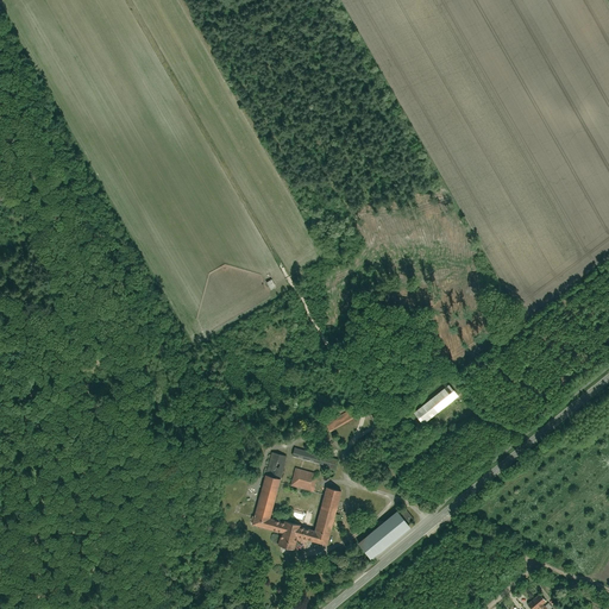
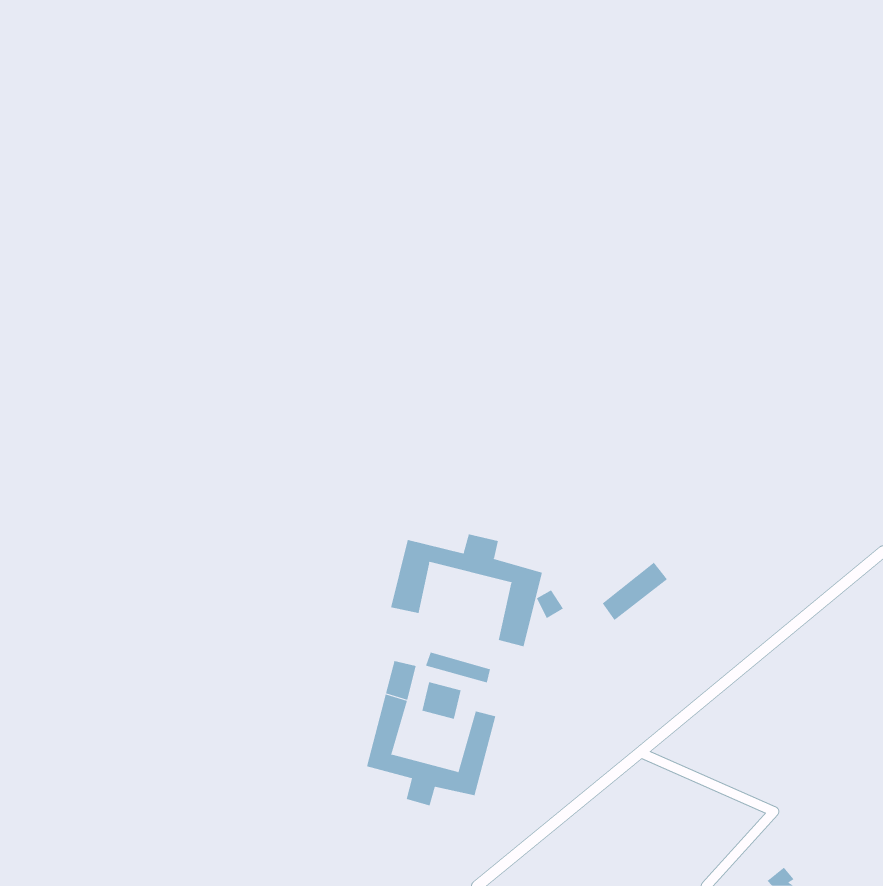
building: none -> [390,533,543,647]
building: [357,513,409,560] -> none

